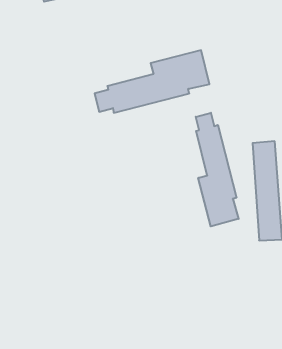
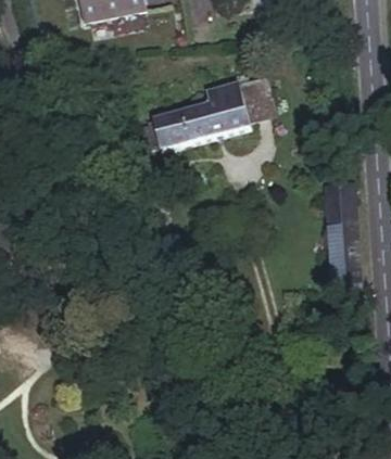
building: [196,113,239,226] -> none

